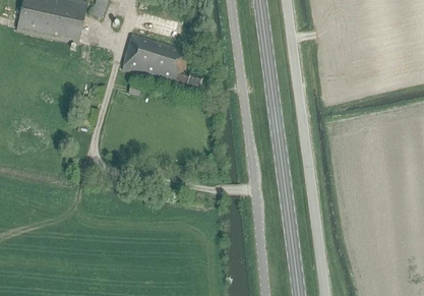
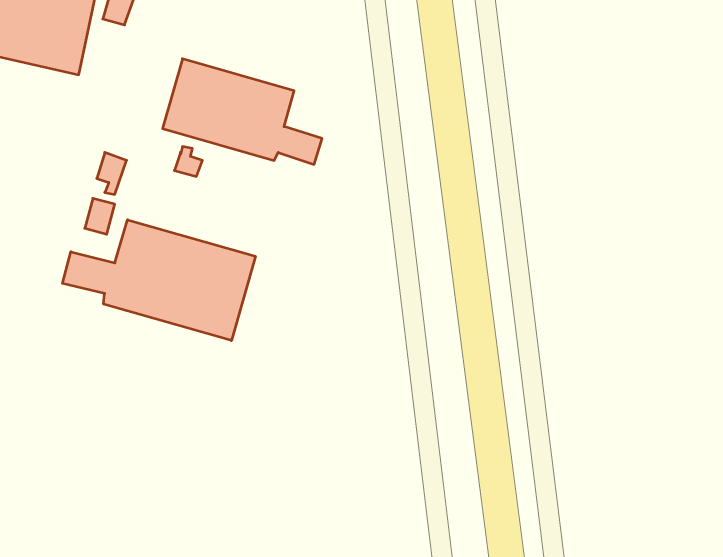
building: none -> [62,220,255,341]

